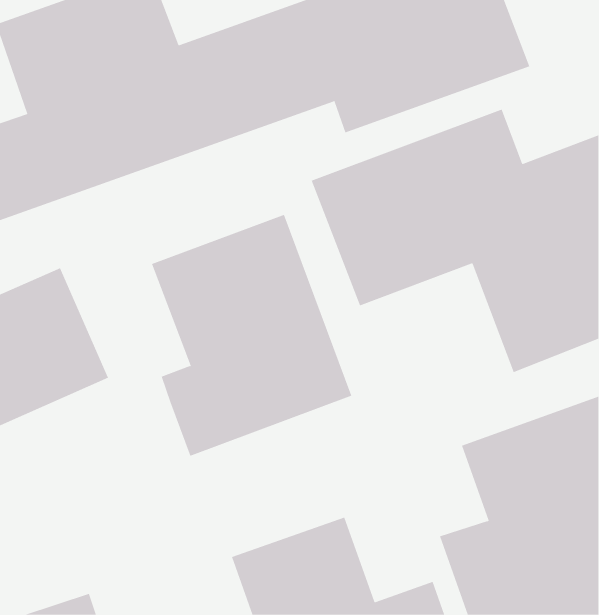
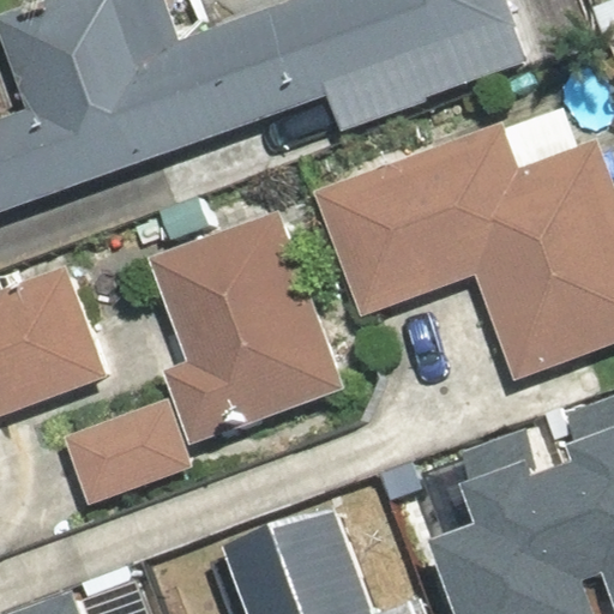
building: none -> [62,398,194,506]

